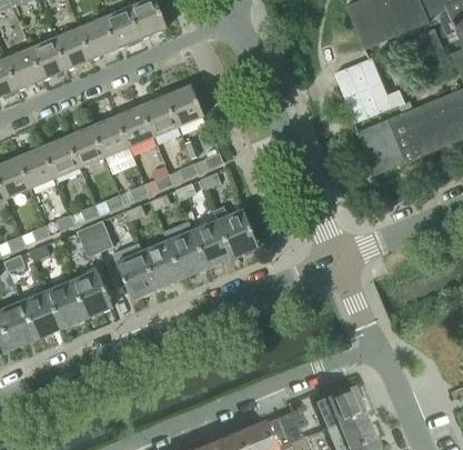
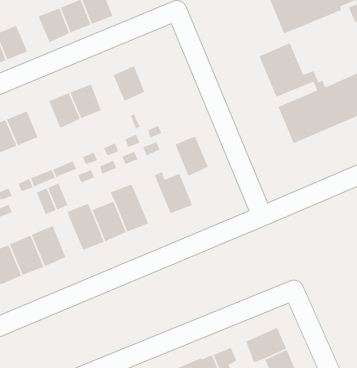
building: [53,28,91,69] -> none
building: [140,96,178,137] -> none
building: [66,126,103,168] -> none
building: [191,220,231,268] -> [174,136,209,177]

